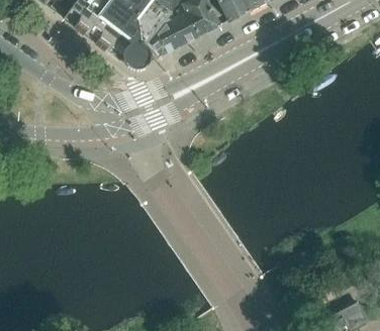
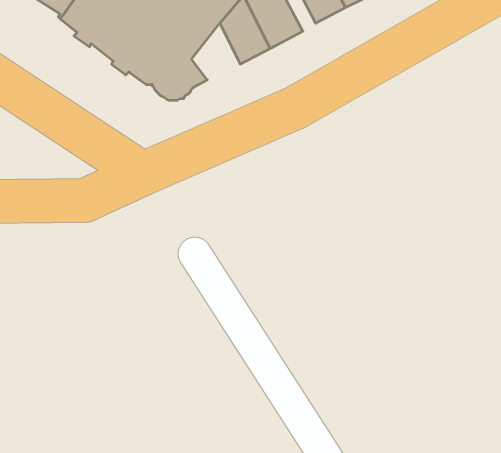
building: [149,19,180,57] -> none

